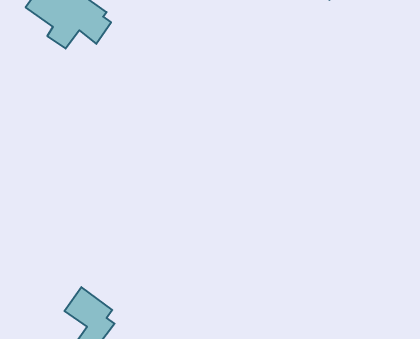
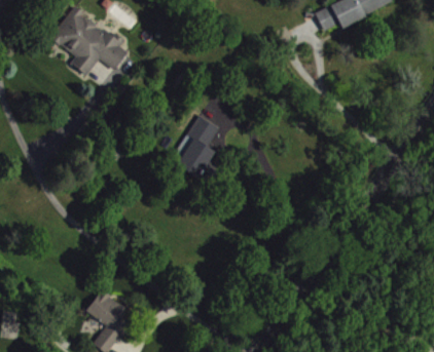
building: none -> [176,116,218,179]

